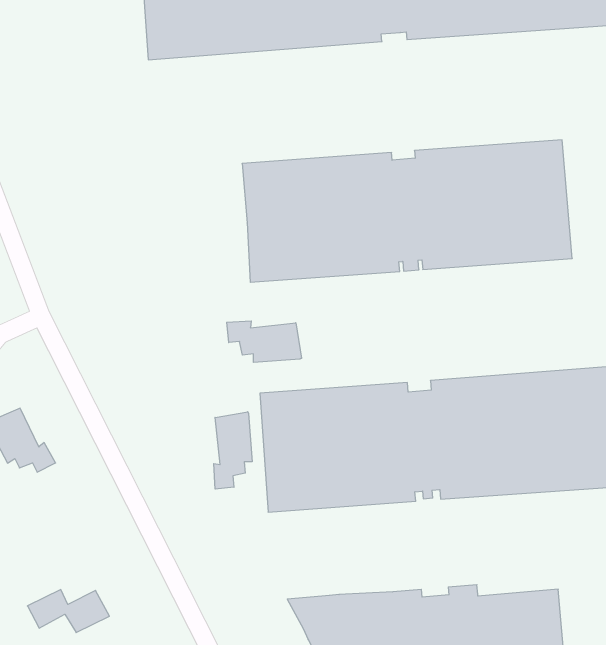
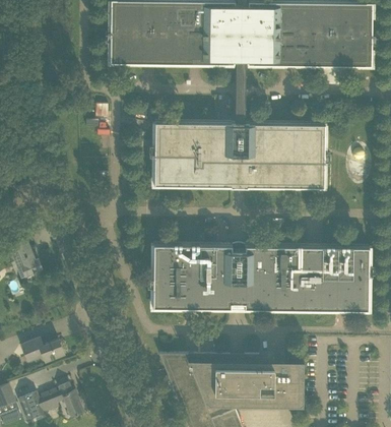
building: [227,321,302,362] -> none
building: [214,412,252,489] -> none

